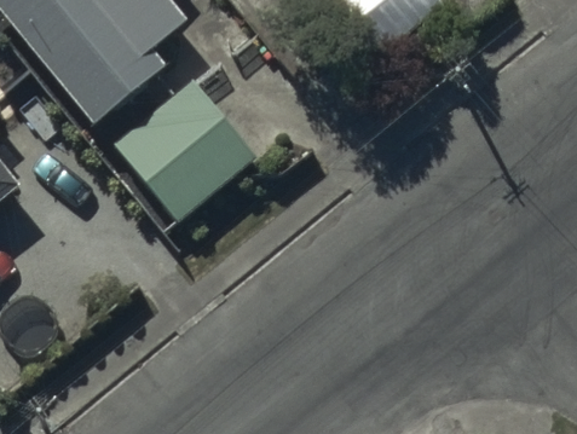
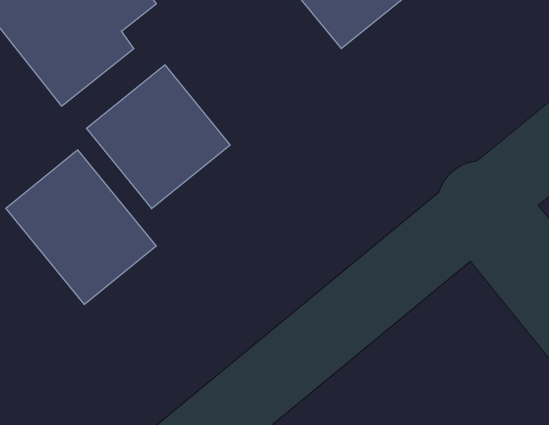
building: none -> [6,150,156,305]

